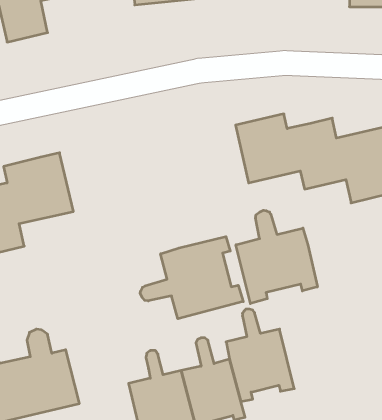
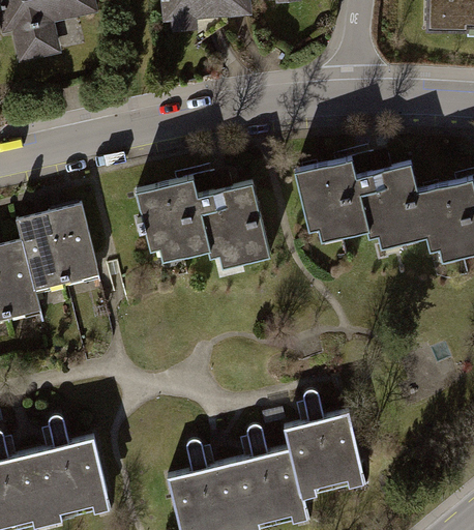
building: none -> [132,173,270,266]
building: [236,210,317,304] -> none
building: [140,237,243,319] -> none

